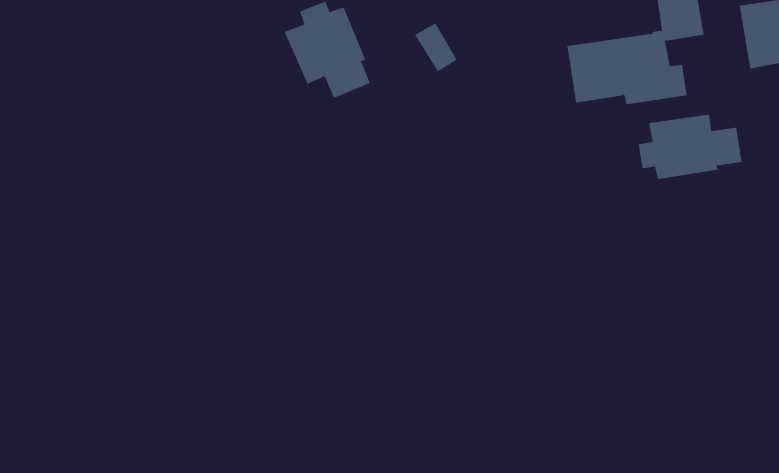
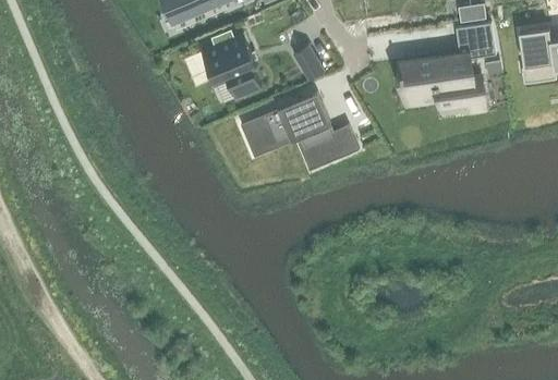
building: none -> [240,93,359,171]
building: [638,114,742,180] -> none

